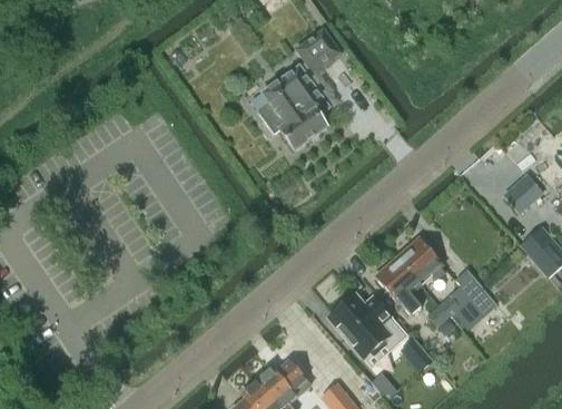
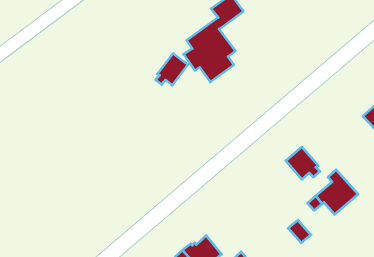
building: none -> [156,54,188,85]
building: [375,257,421,315] -> none
building: [328,294,406,359] -> none

